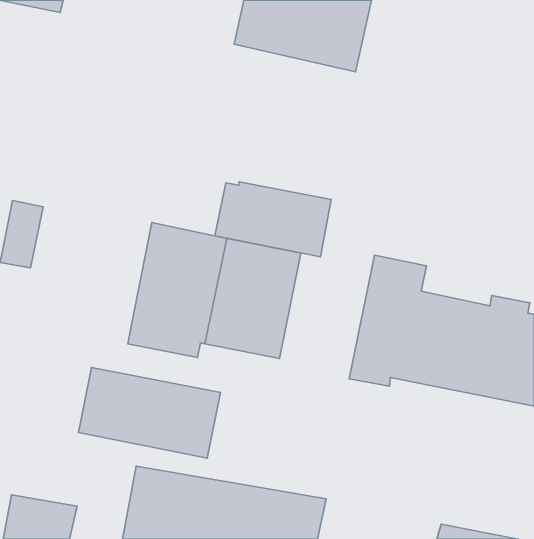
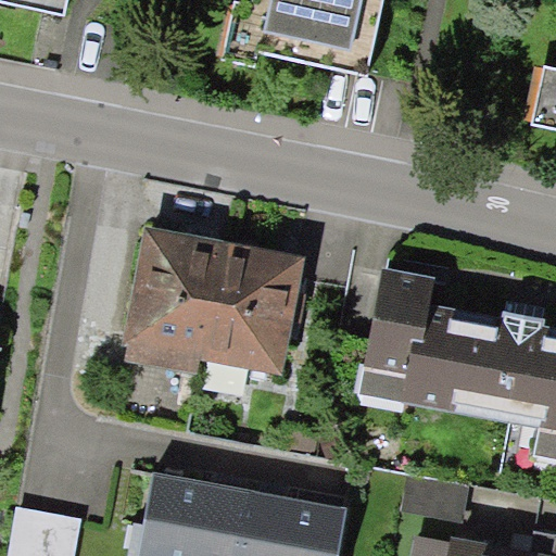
building: [215,182,331,257] -> none
building: [78,368,220,458] -> none

